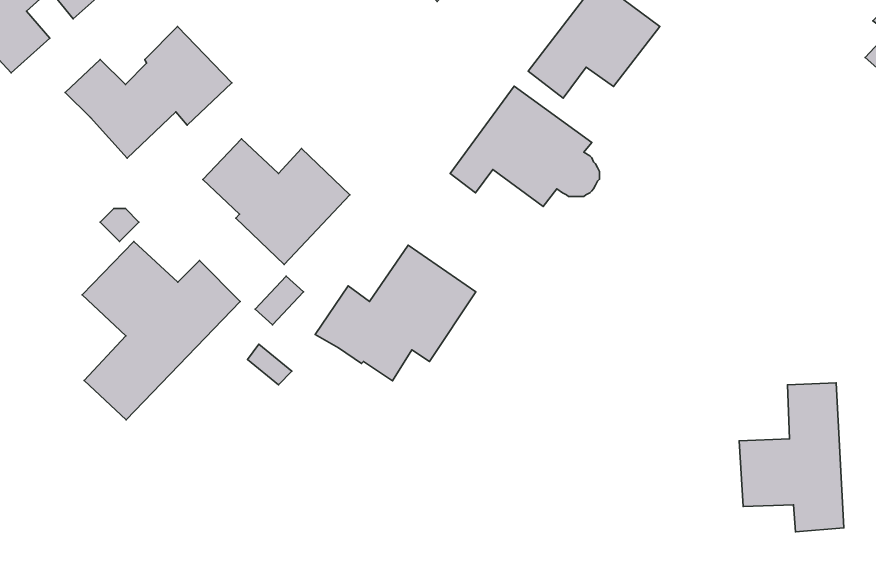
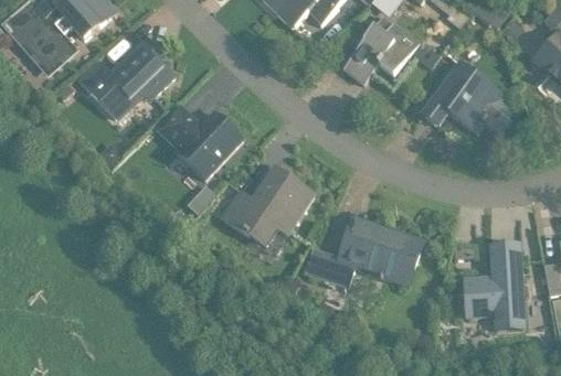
building: [450,86,599,206] -> [424,63,509,131]
building: [82,241,240,420] -> none
building: none -> [310,214,425,287]

